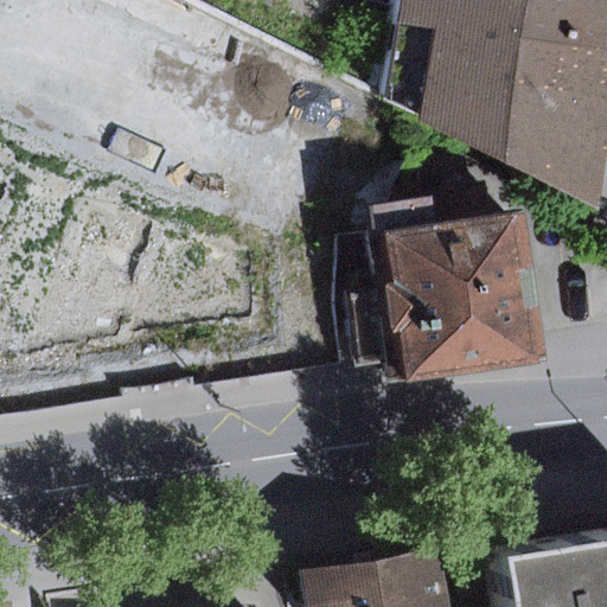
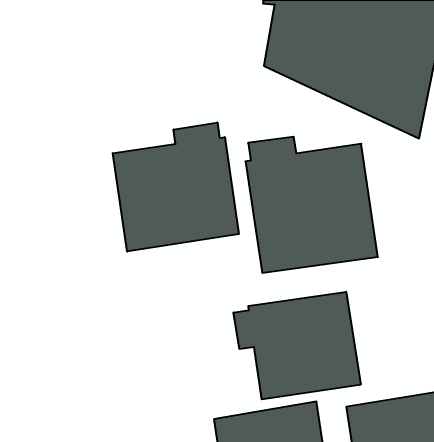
building: none -> [113,122,239,252]
building: none -> [234,292,361,399]

